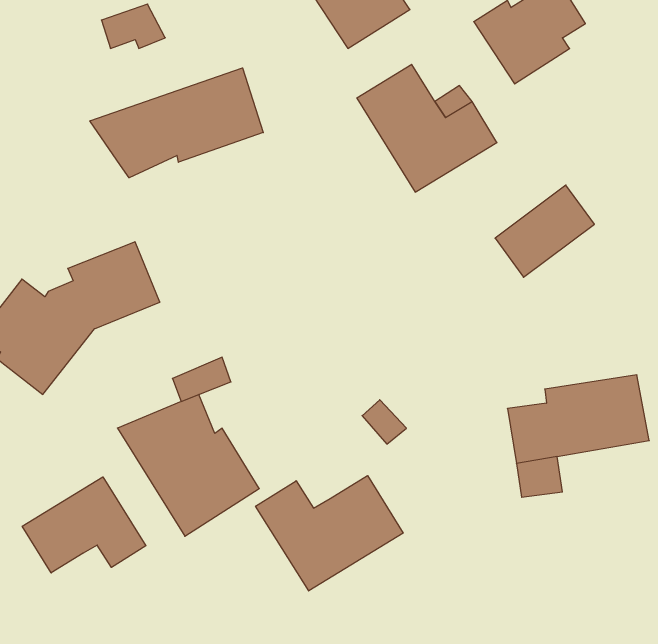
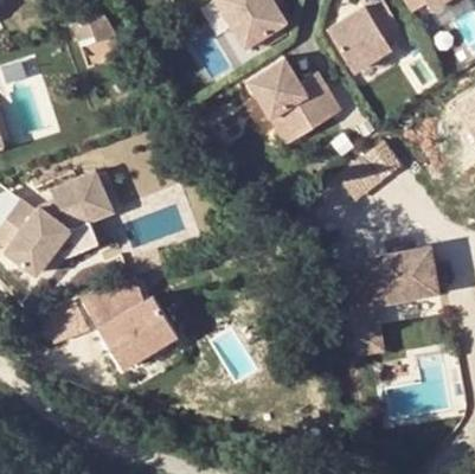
building: [90,68,263,178] -> none
building: [256,476,403,591] -> none
building: [22,477,146,573] -> none

